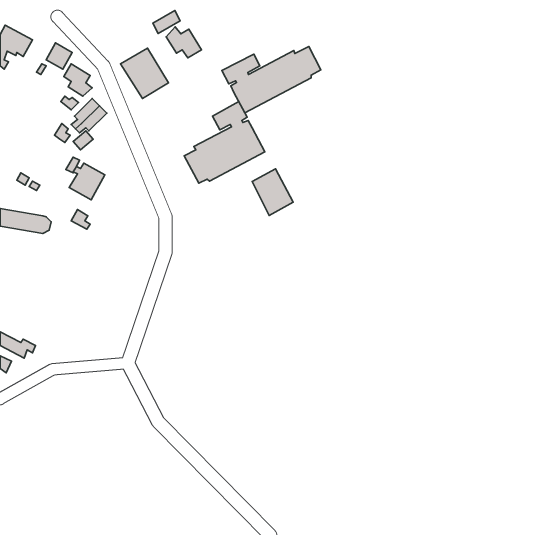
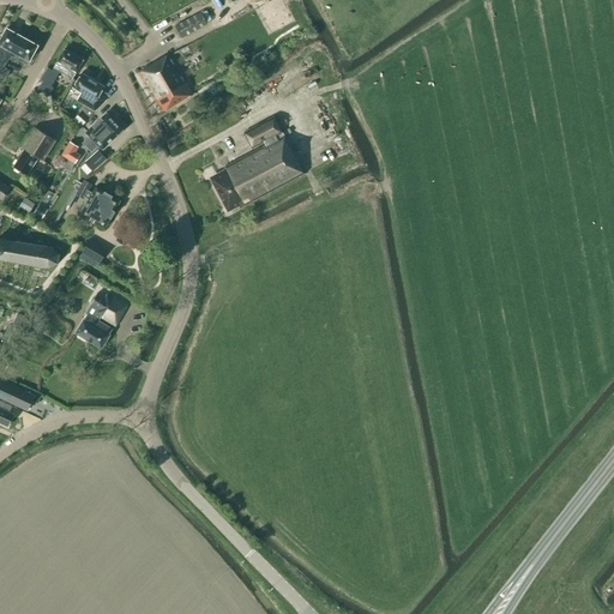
building: [166,27,201,58] -> none
building: [222,46,321,113] -> none
building: none -> [13,127,55,176]
building: [252,169,293,215] -> none
building: none -> [76,293,127,348]

